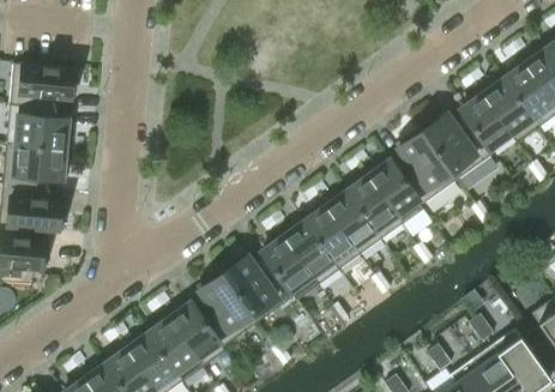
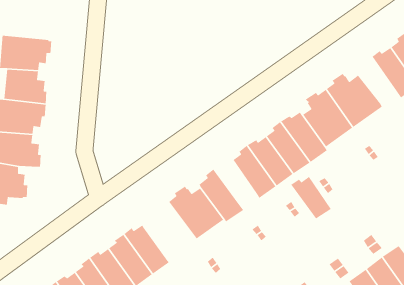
building: [460,90,511,149] -> none
building: [280,221,333,276] -> [290,176,332,220]
building: [193,273,259,348] -> none

